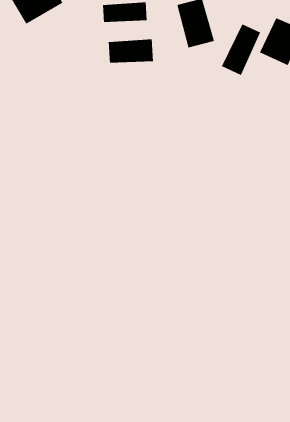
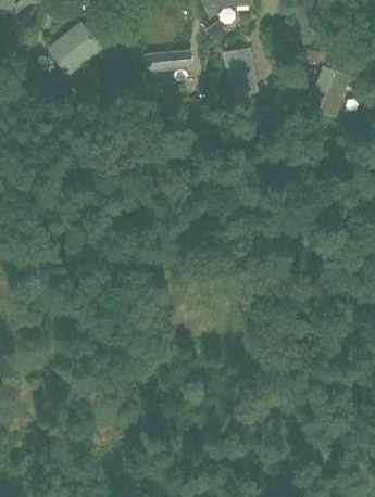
building: [221,23,261,76] -> none
building: [108,39,153,63] -> none

